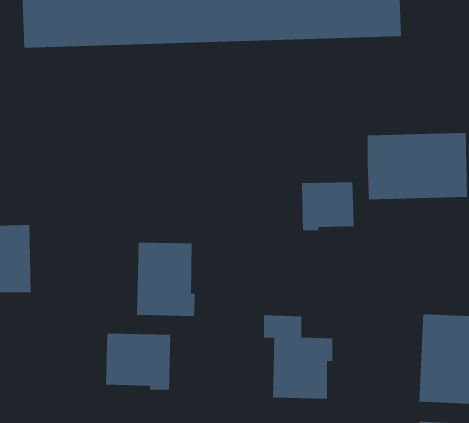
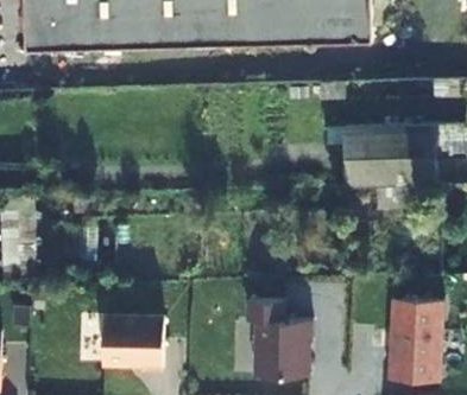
building: [301,182,354,231] -> none
building: [136,242,195,317] -> none

